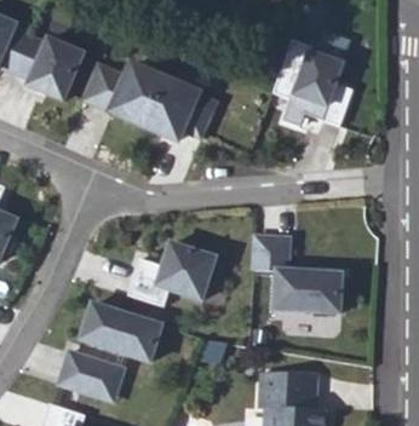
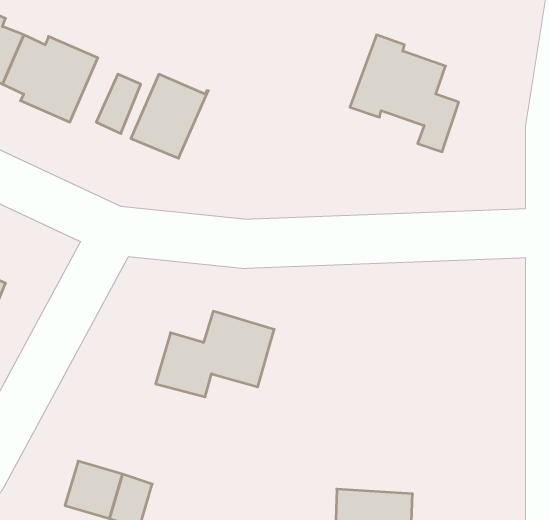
building: [144,79,216,140] -> none
building: [253,236,348,313] -> none
building: [82,303,162,359] -> none

